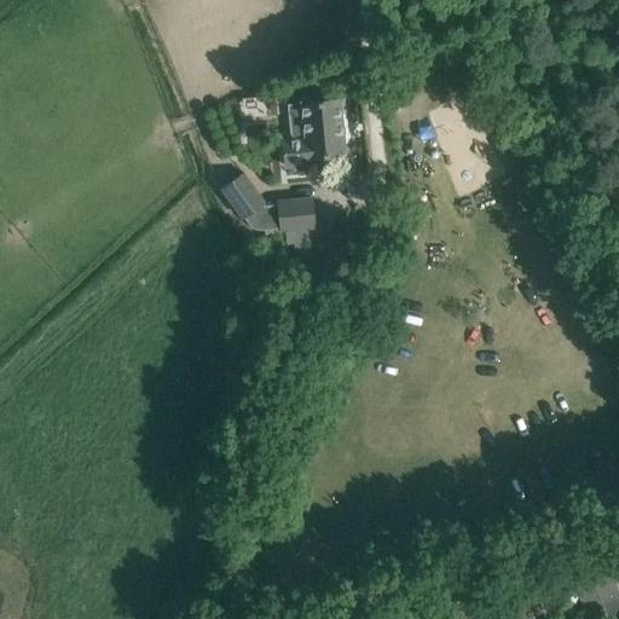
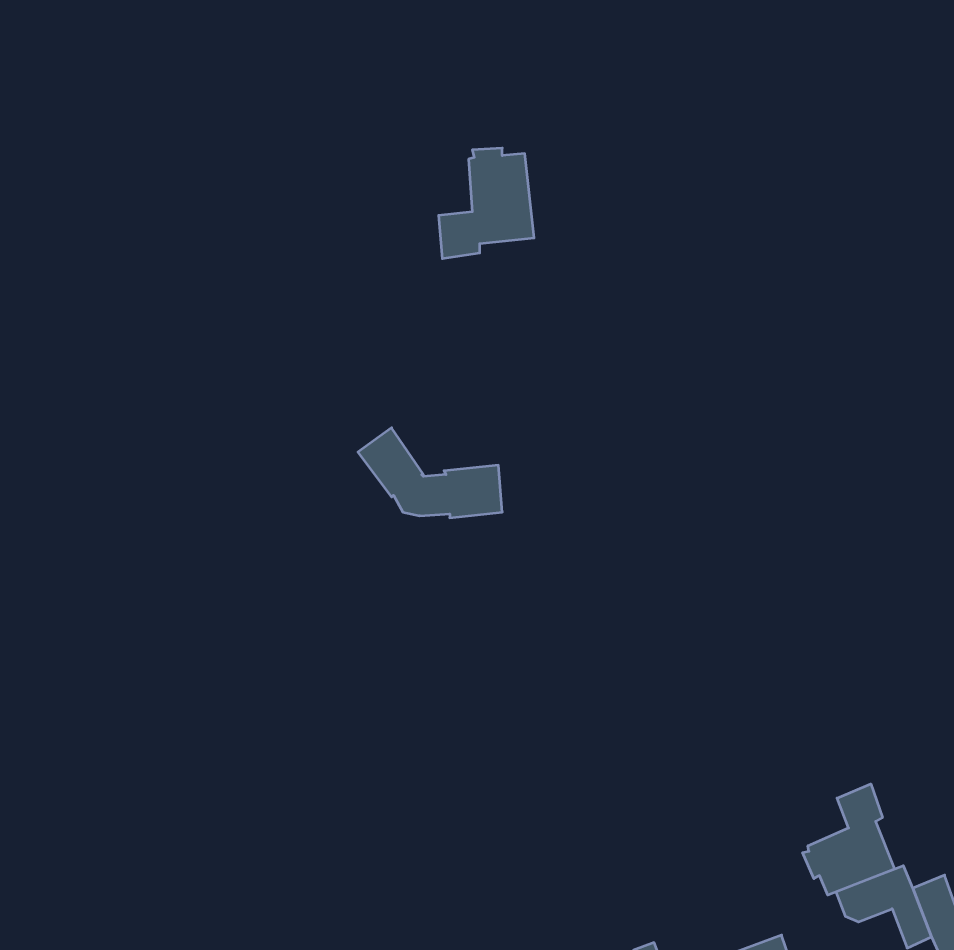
building: [224,178,317,236] -> [358,428,502,518]
building: none -> [803,784,894,895]

